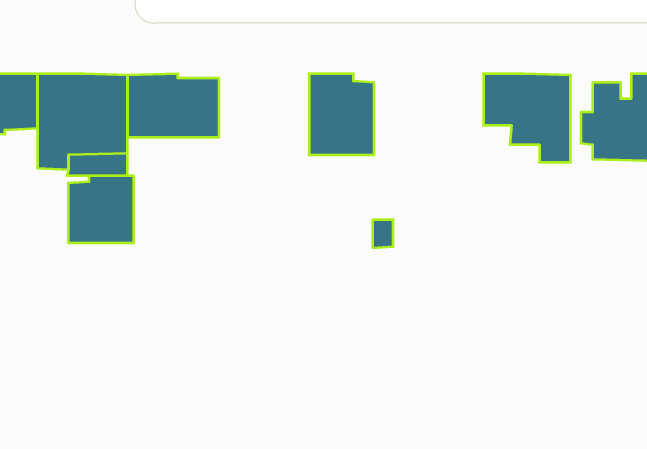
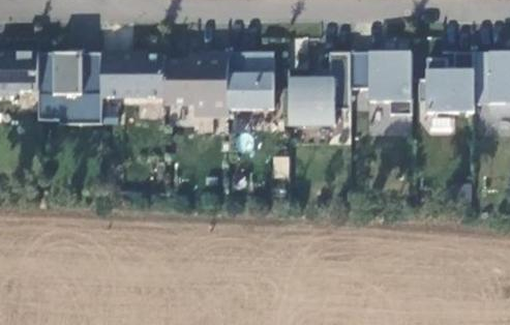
building: none -> [164,54,228,118]
building: none -> [289,54,350,126]
building: [68,176,133,243] -> none

